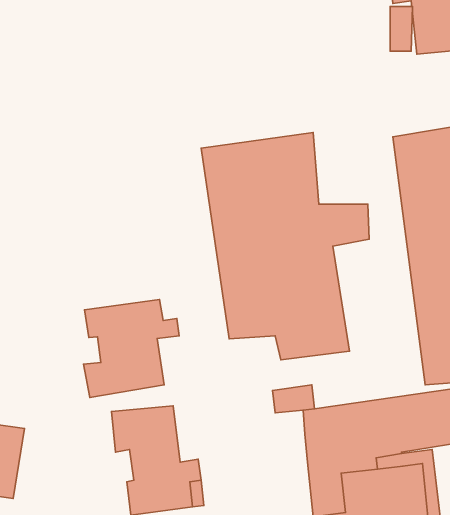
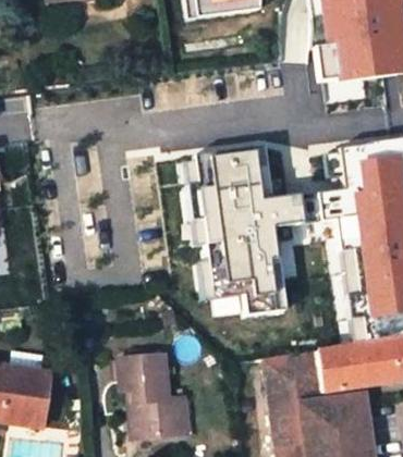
building: [84,300,179,397] -> none

